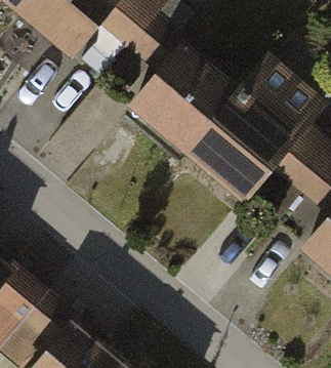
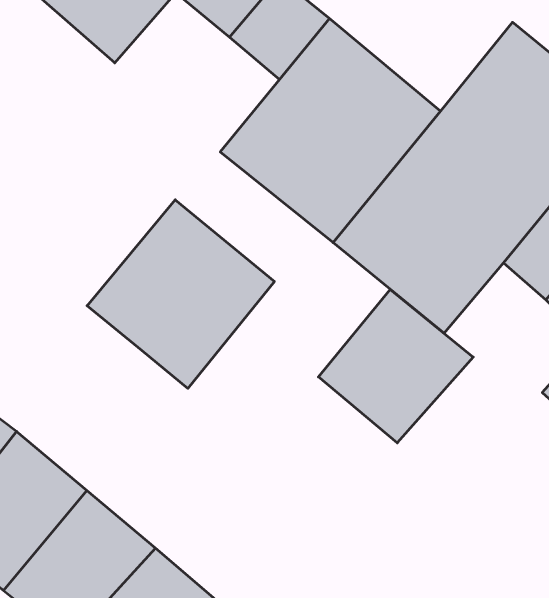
building: none -> [87,200,274,388]
building: none -> [318,289,473,443]

